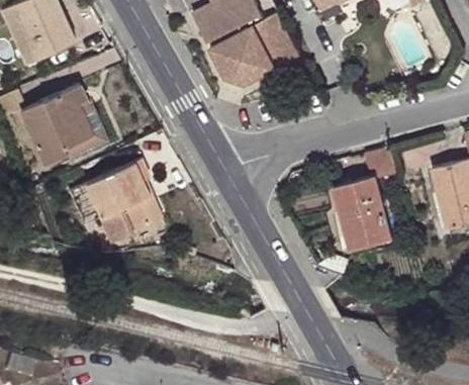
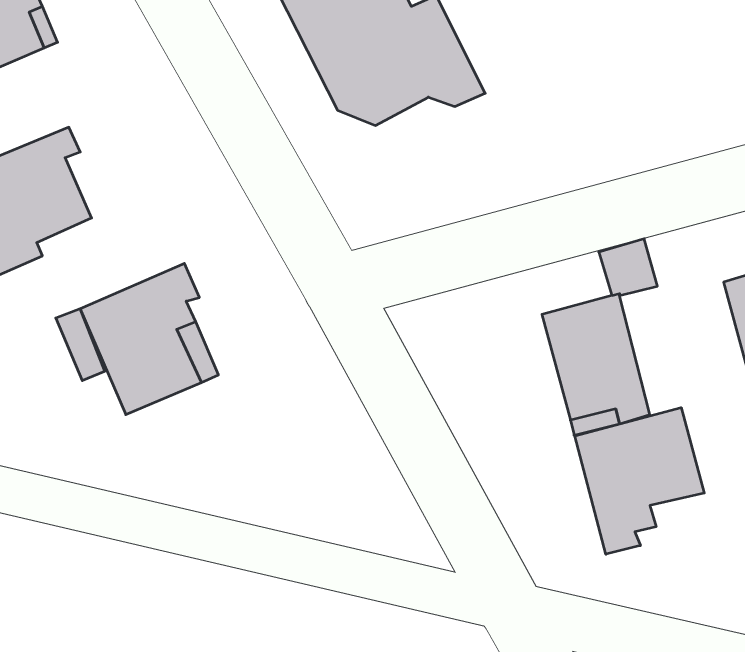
building: [64,98,106,158] -> none
building: none -> [575,408,704,554]

